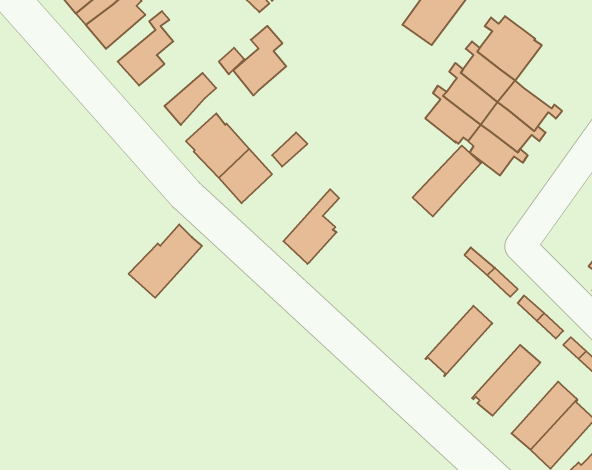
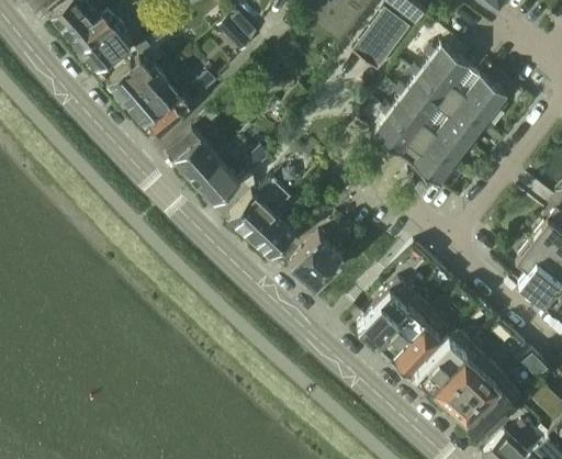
building: [233,26,286,95] -> [125,67,171,127]
building: none -> [451,70,508,125]
building: [413,146,481,216] -> [356,281,415,343]
building: [129,224,202,298] -> [227,177,291,240]
building: none -> [290,235,341,288]
building: none -> [390,313,448,373]
building: none -> [431,346,488,407]

